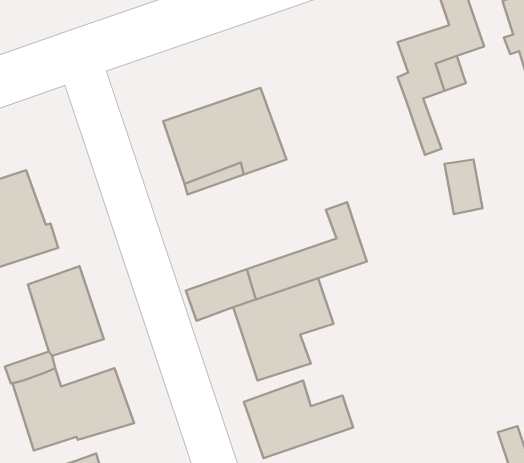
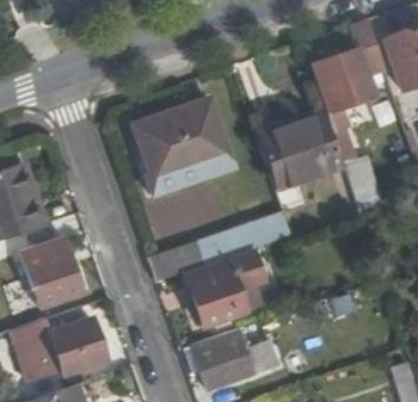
building: none -> [254,110,340,210]

